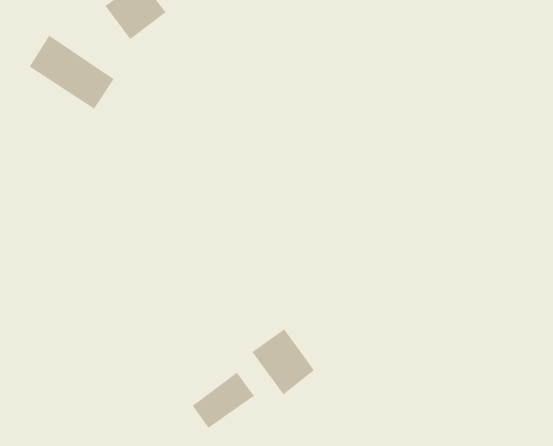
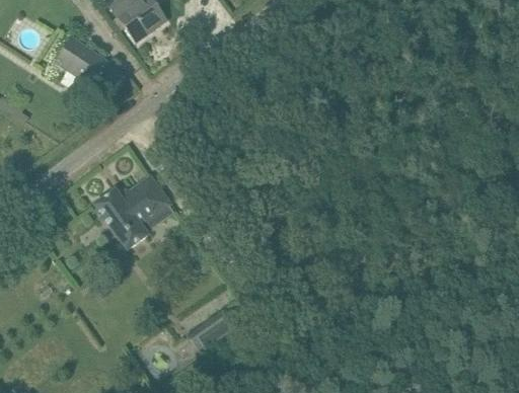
building: none -> [95,176,169,247]
building: [251,328,315,395] -> none

